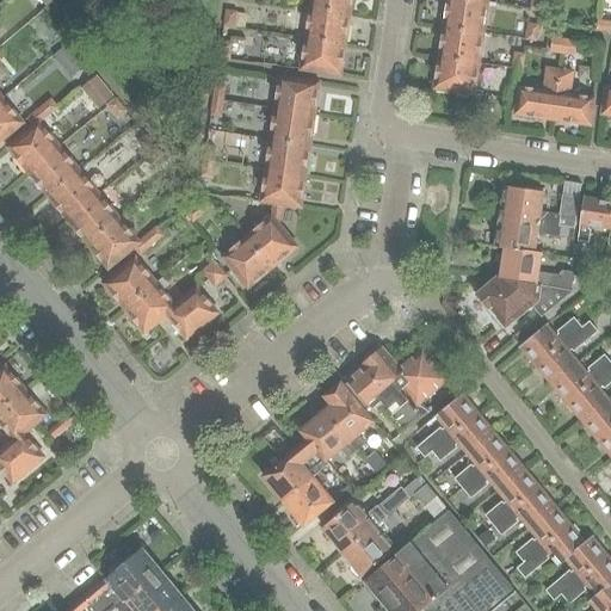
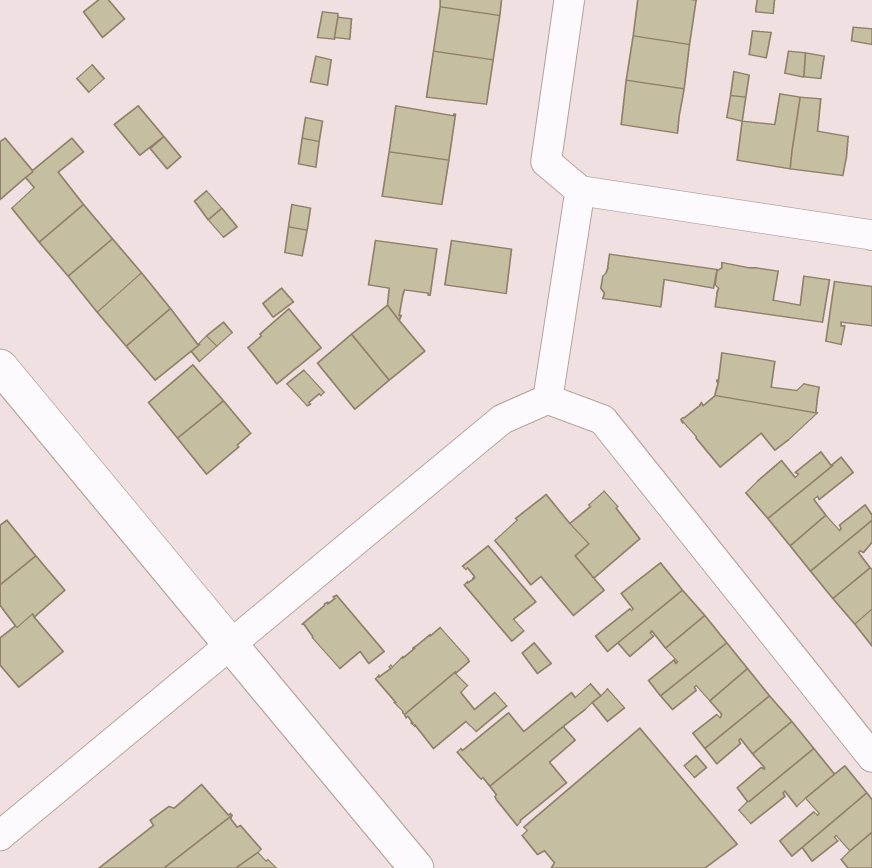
building: [263,137,309,174] -> [445,241,511,293]
building: [494,215,575,252] -> [601,254,717,307]
building: [166,284,217,337] -> [248,309,321,384]
building: [301,409,358,461] -> [302,595,384,669]

